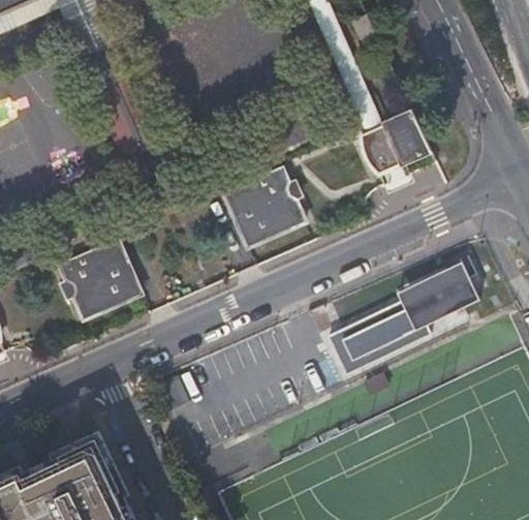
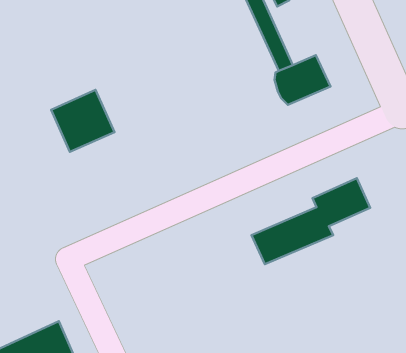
building: [224,166,305,244] -> none
building: [60,239,139,316] -> [51,90,114,152]

